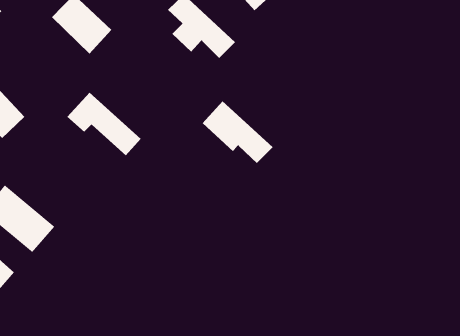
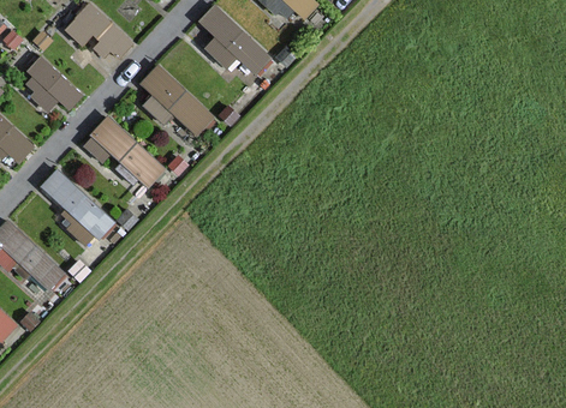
building: none -> [23,59,84,118]
building: [202,100,273,164] -> [133,62,216,136]
building: none -> [36,166,113,245]

